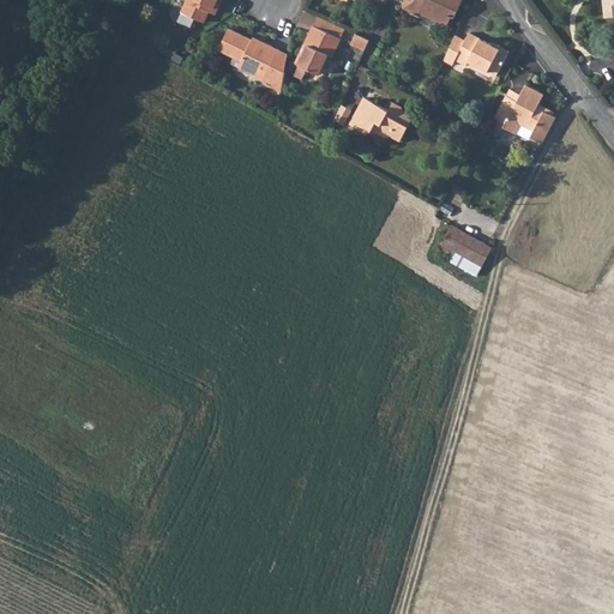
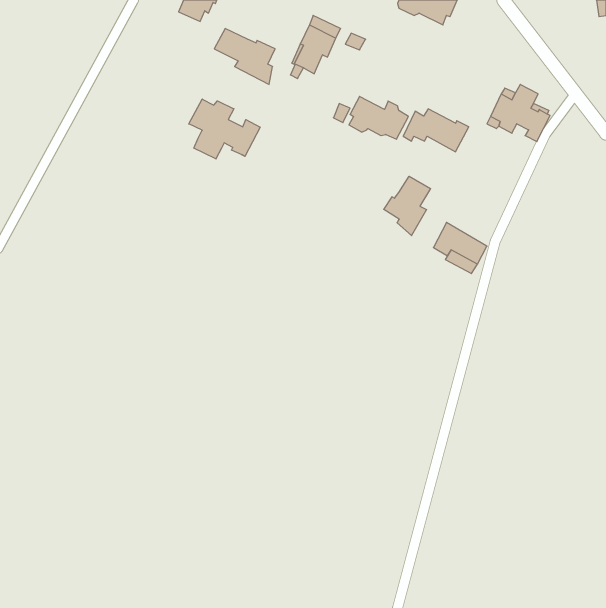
building: [443,32,508,76] -> [403,109,469,152]
building: none -> [189,99,260,159]
building: none -> [384,176,431,236]

